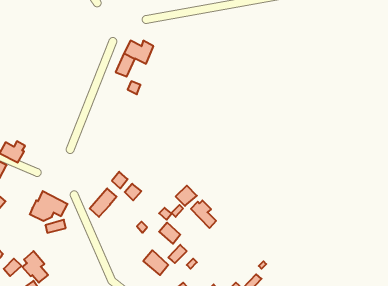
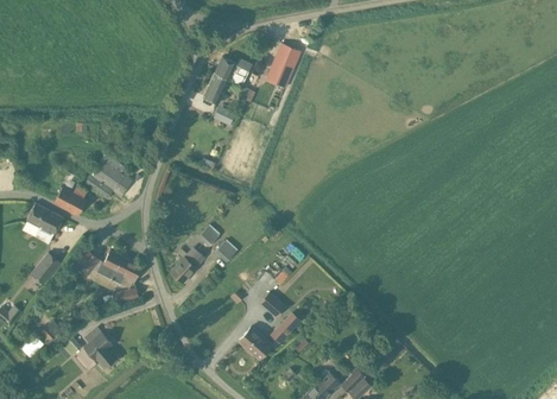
building: none -> [265,43,300,87]
building: none -> [84,152,132,198]
building: [191,200,216,228] -> none

